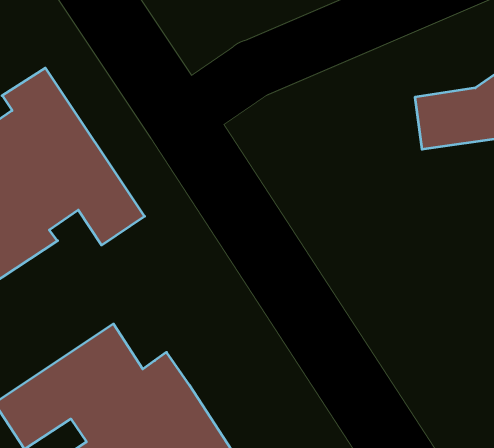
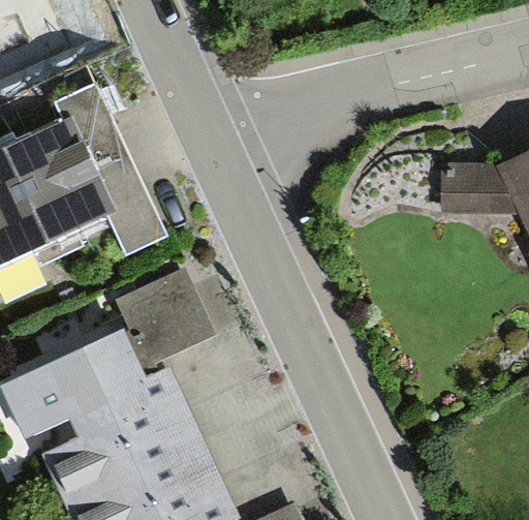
building: none -> [110,268,215,379]

